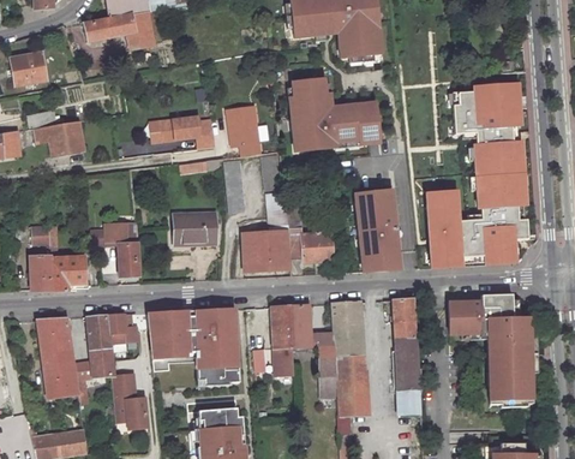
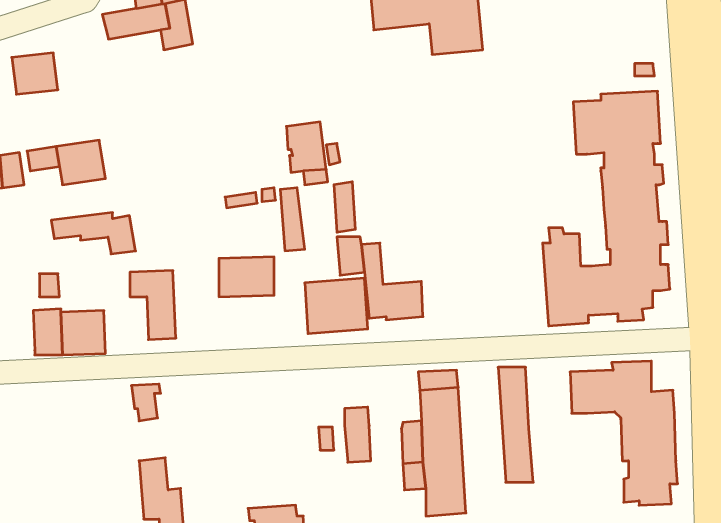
building: [288,79,379,153] -> none
building: [149,118,215,150] -> [51,213,136,254]
building: [352,190,399,274] -> none
building: [270,304,310,345] -> none
building: [149,308,238,385] -> none
building: [86,314,113,374] -> none
building: [37,315,78,395] -> none
building: [399,389,421,415] -> none

